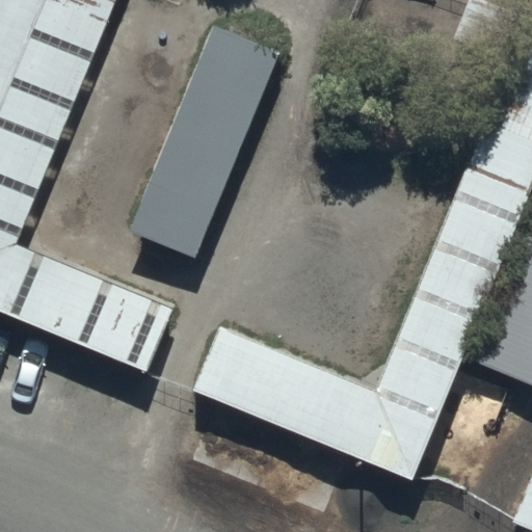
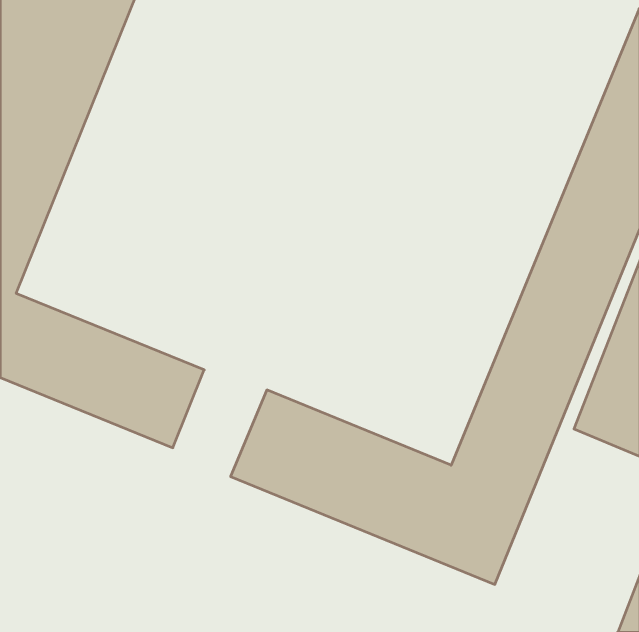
building: [131,18,282,261] -> none

